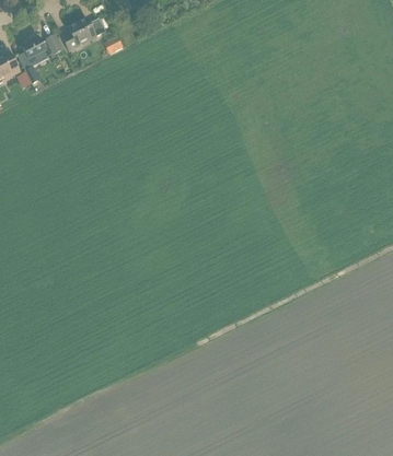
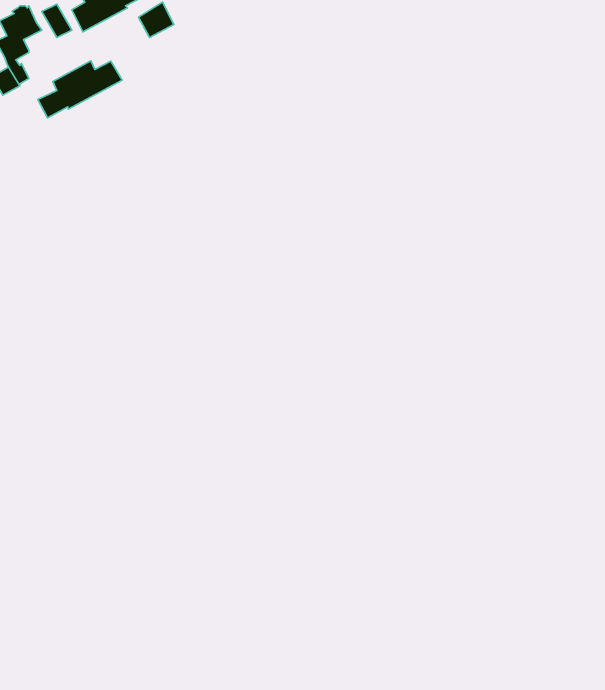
building: none -> [38,61,122,118]

